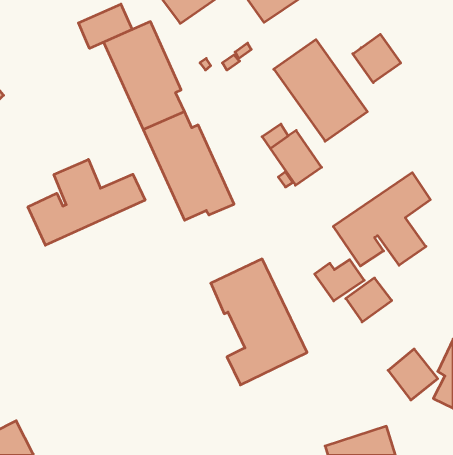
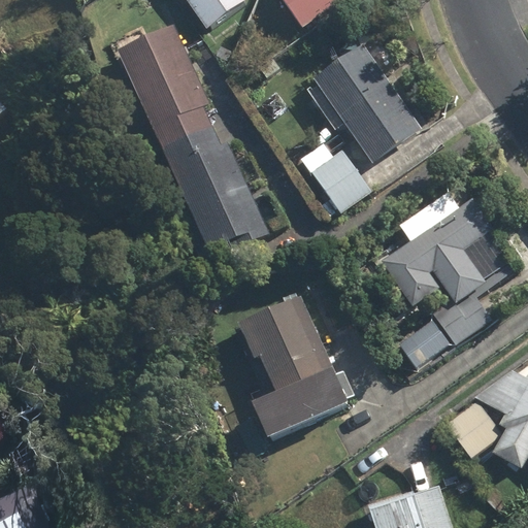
building: [78,4,132,48] -> none
building: [353,34,401,83] -> none
building: [28,159,145,245] -> none
building: [315,260,364,301] -> [432,295,489,342]

